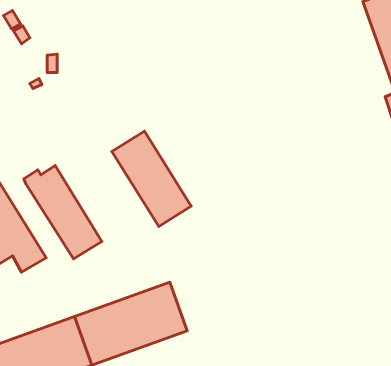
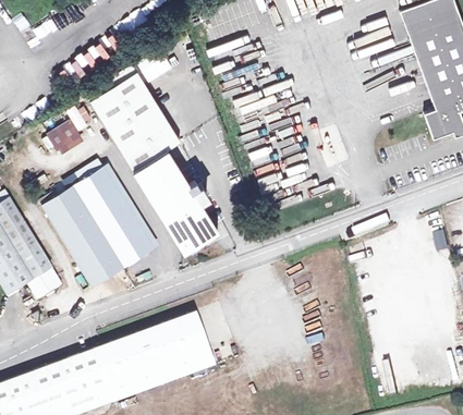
building: none -> [88,70,179,170]
building: none -> [46,119,81,150]
building: none -> [71,159,151,267]

